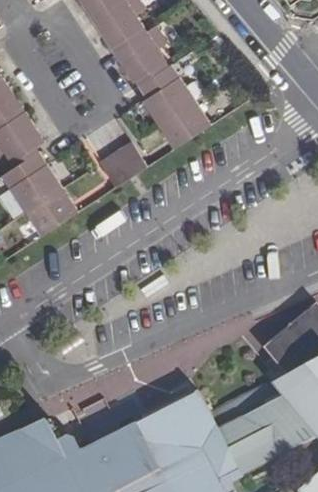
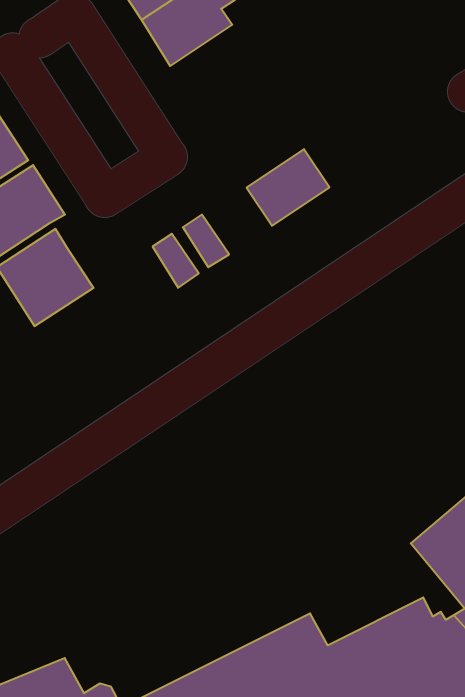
building: [113,22,173,83] -> none
building: [138,64,194,125] -> none
building: [25,188,77,236] -> none

